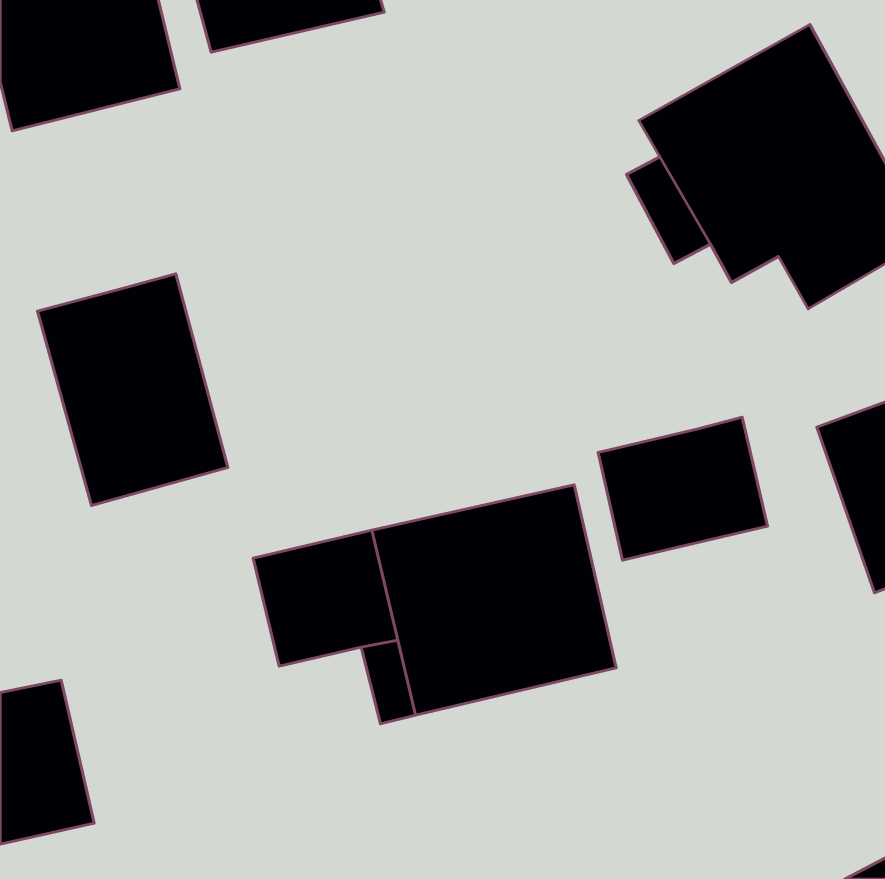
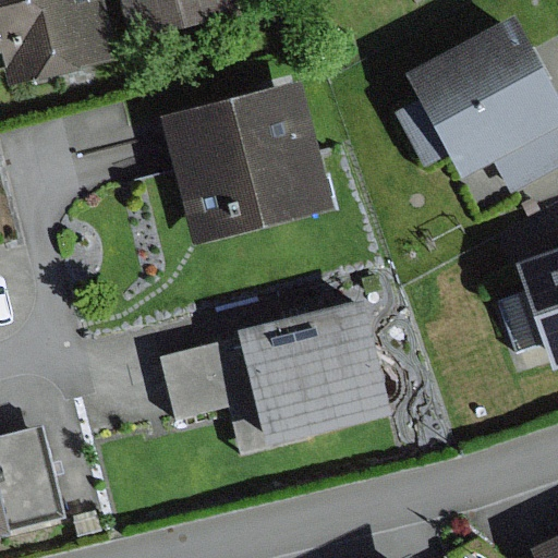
building: none -> [162,82,332,243]
building: [37,274,228,505] -> none
building: [598,417,767,560] -> none

